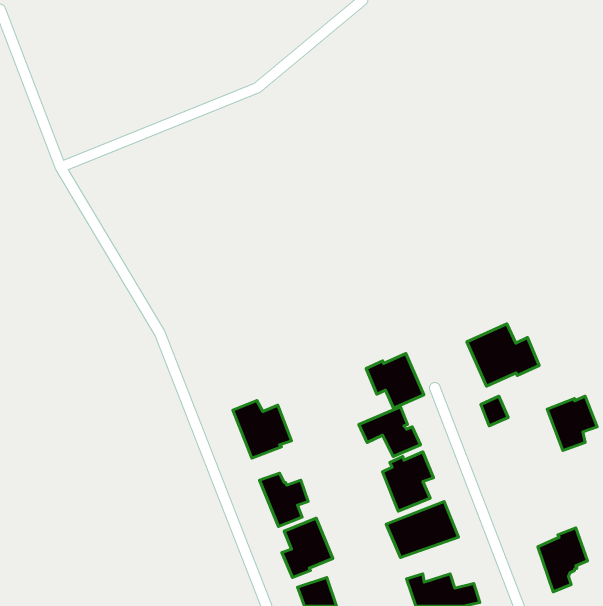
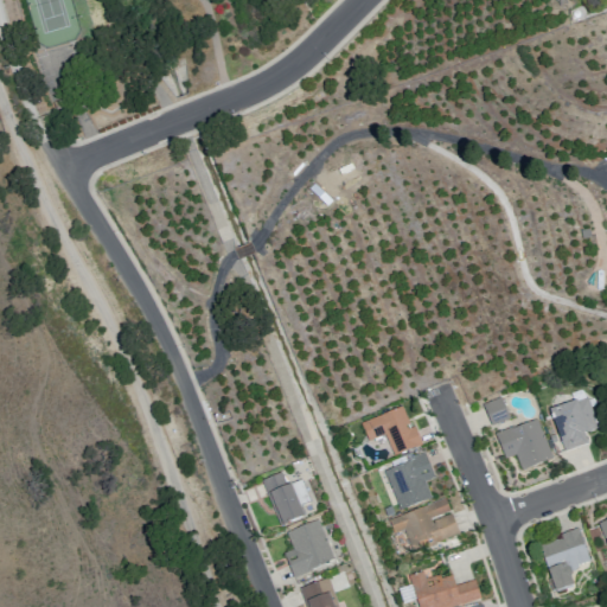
building: [467,324,539,386] -> none
building: [366,354,424,408] -> none
building: [233,401,292,458] -> none
building: none -> [497,418,554,469]

